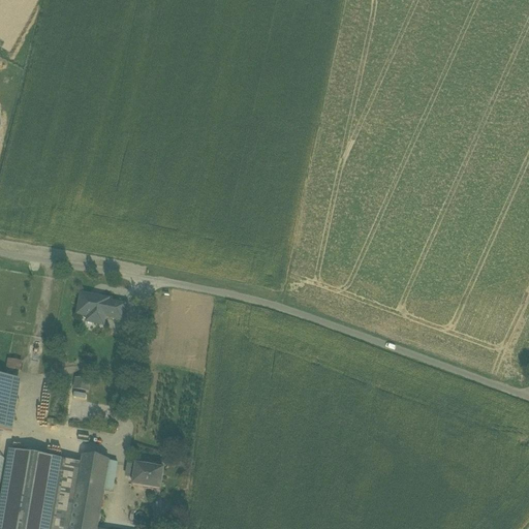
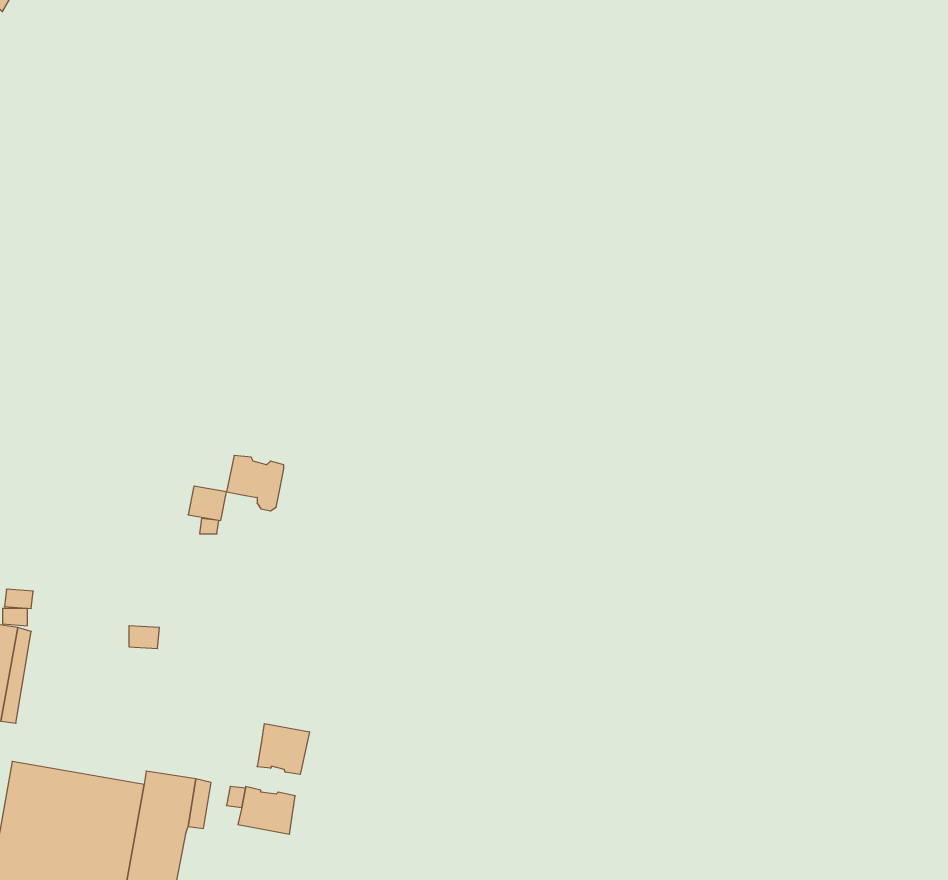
building: [75,291,106,321] -> [226,455,284,511]
building: none -> [257,724,309,774]

